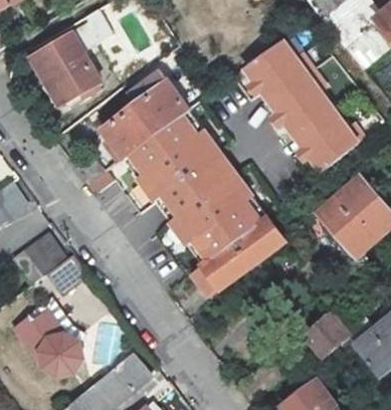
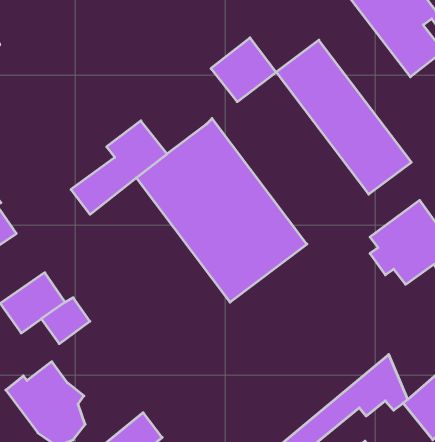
building: [31,25,102,108] -> none
building: [130,80,185,135] -> [211,38,276,102]
building: [197,211,288,294] -> none

